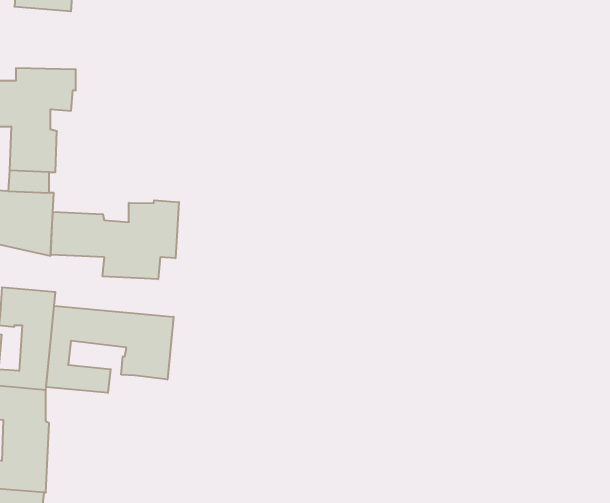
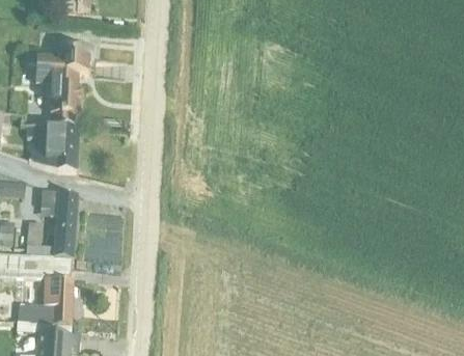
building: [51,200,179,279] -> none
building: [46,306,174,393] -> none

